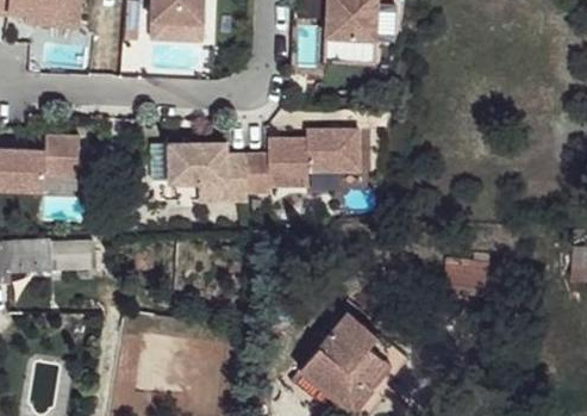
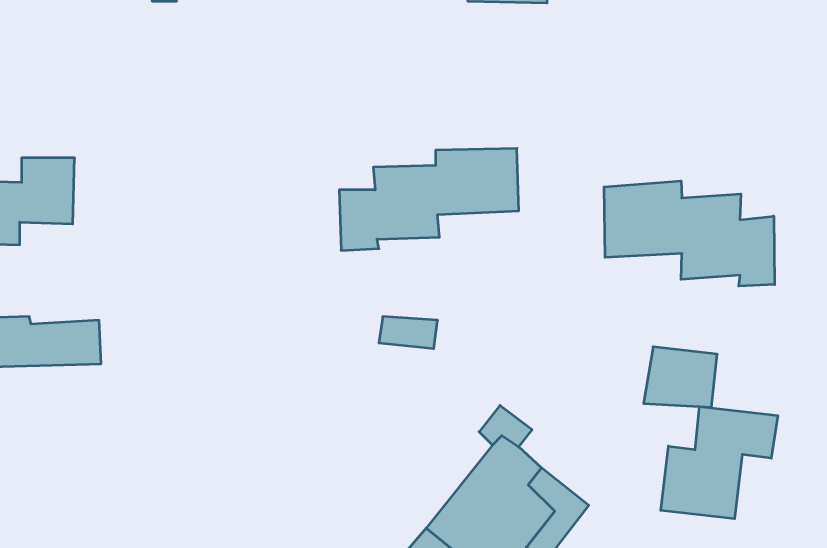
building: [169,144,248,203] -> none
building: none -> [604,181,775,286]
building: none -> [661,407,778,519]

